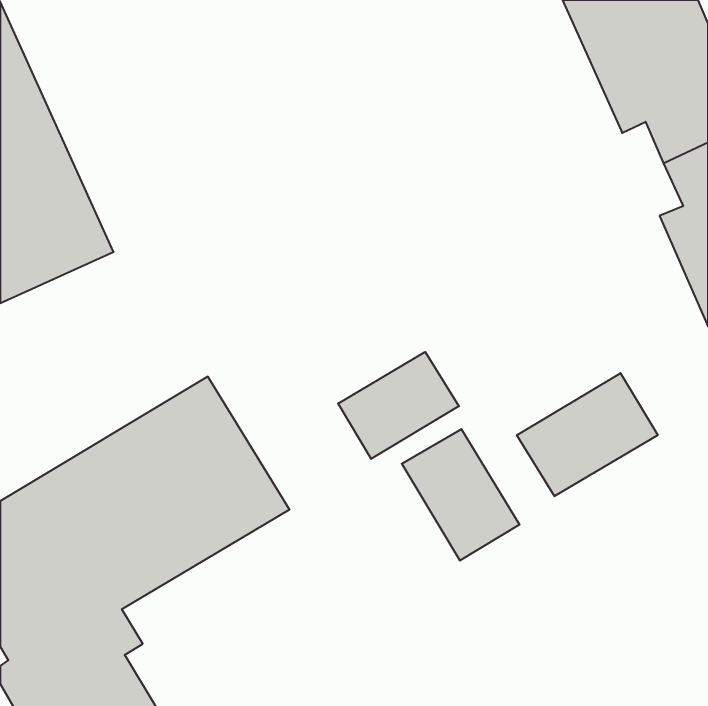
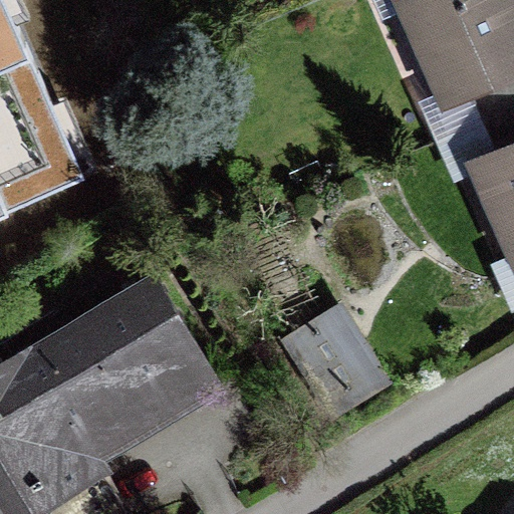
building: [338,352,459,459] -> none
building: [517,373,658,496] -> none

